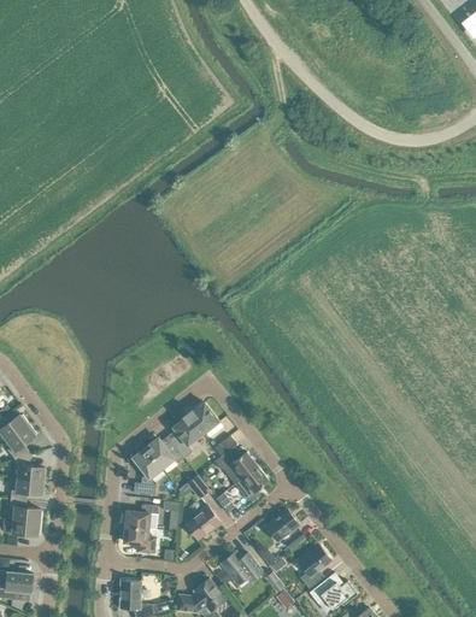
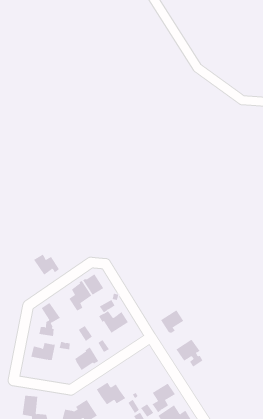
building: [145,437,183,468] -> [33,254,60,276]
building: [235,465,269,499] -> [160,310,184,333]
building: [264,509,304,548] -> [175,339,203,367]
building: [123,525,154,552] -> none

